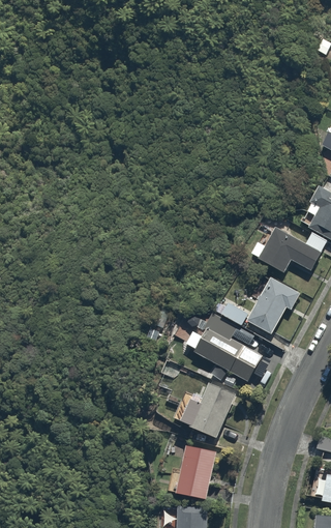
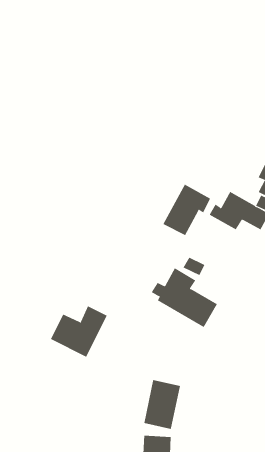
building: [245,275,300,334] -> [163,184,211,236]
building: [171,379,236,438] -> [50,306,107,357]

